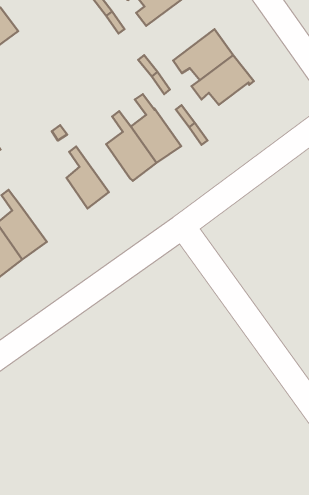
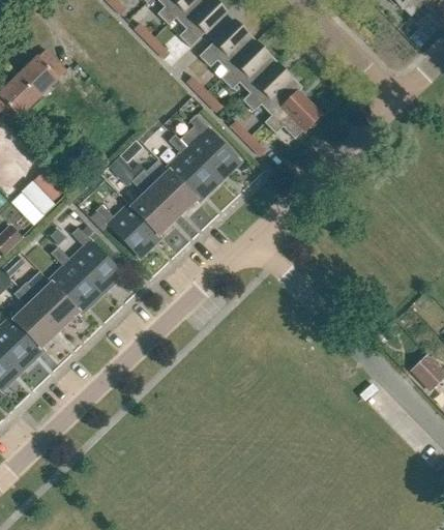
building: none -> [199,20,257,71]
building: none -> [264,89,322,139]
building: none -> [138,169,195,215]
building: none -> [94,204,160,258]

